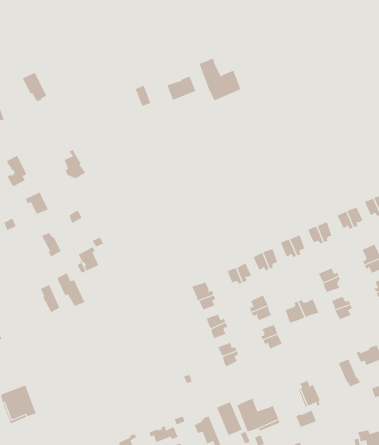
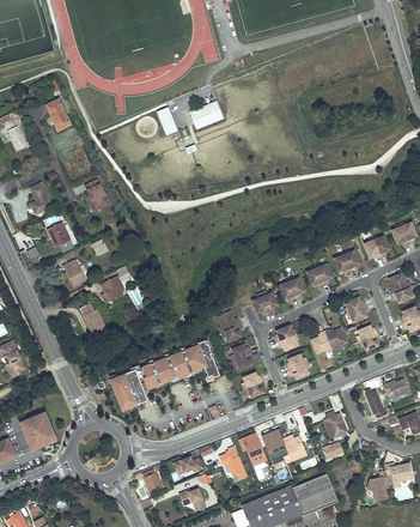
building: [199,58,241,101] -> none
building: none -> [110,340,219,410]

